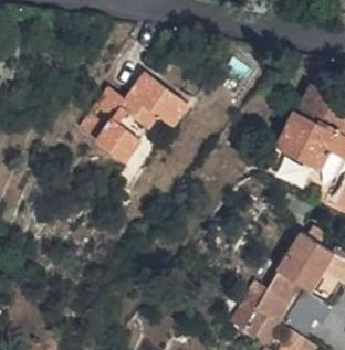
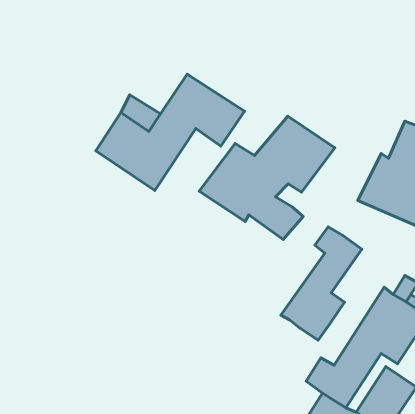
building: none -> [199,116,335,239]
building: none -> [281,227,362,340]

